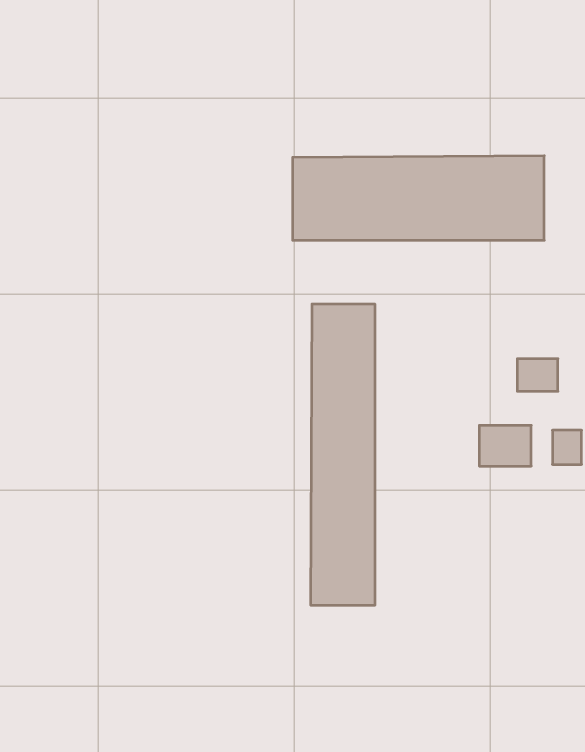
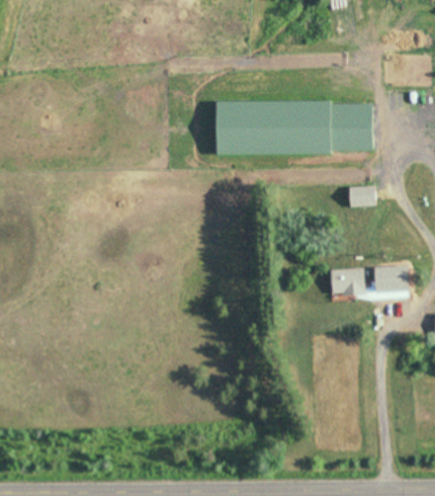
building: [311,304,375,605] -> none
building: [517,359,558,391] -> [349,186,374,206]

